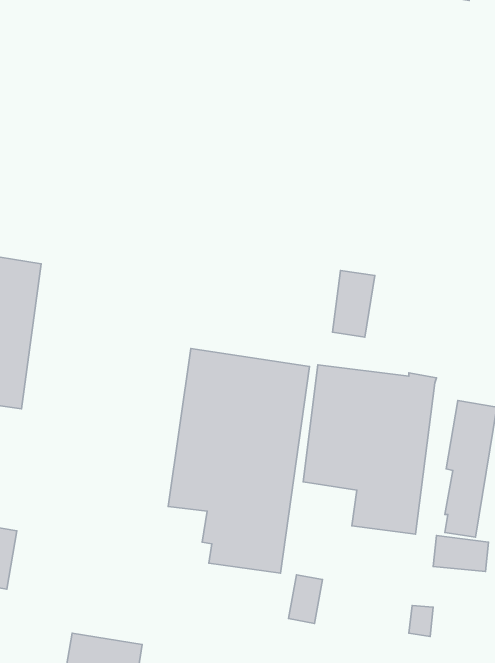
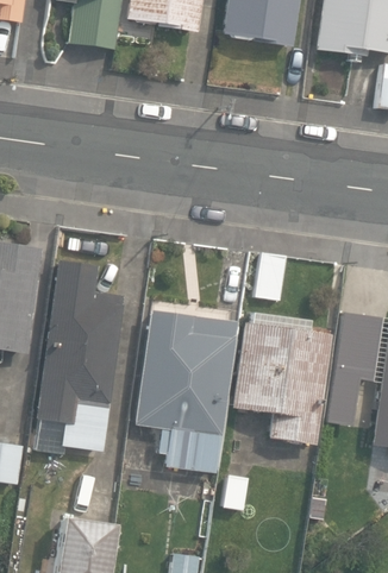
building: none -> [35,260,123,451]

